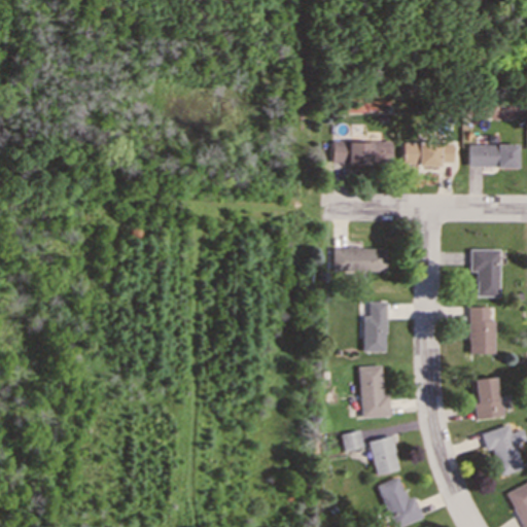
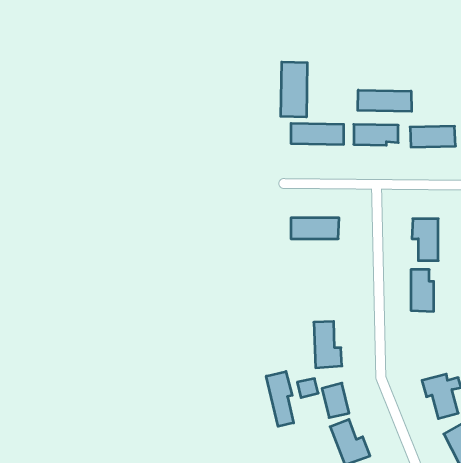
building: none -> [281,62,307,117]
building: none -> [358,90,412,111]
building: [363,302,387,352] -> none
building: [473,377,504,419] -> none
building: none -> [266,371,294,426]

